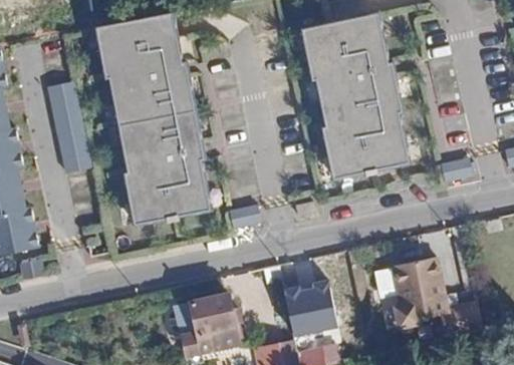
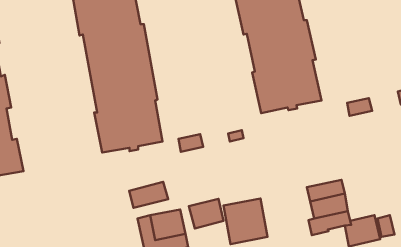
building: [46,81,92,172] -> none
building: none -> [129,182,168,208]
building: none -> [189,199,224,228]

